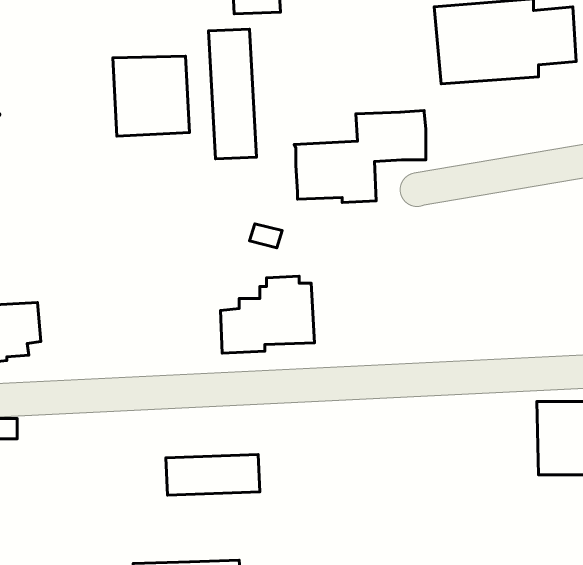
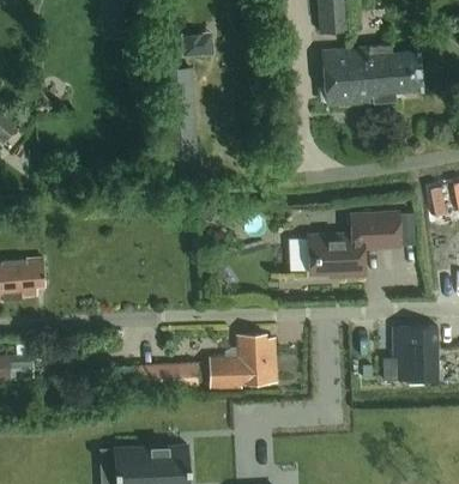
building: [113,56,190,136] -> none
building: [294,110,426,203] -> [307,212,399,277]
building: [220,276,315,353] -> [210,334,276,388]

